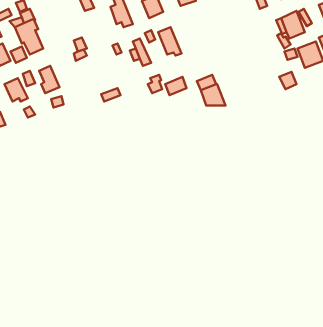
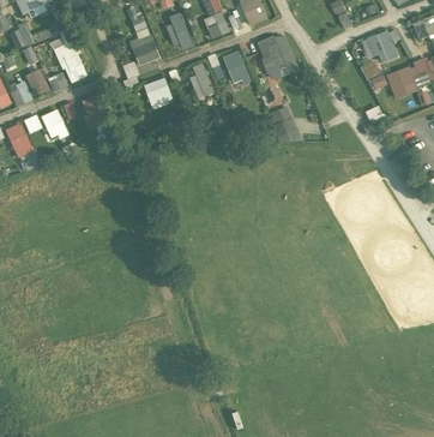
building: none -> [129,35,159,65]
building: none -> [258,35,300,78]
building: none -> [144,78,173,108]

